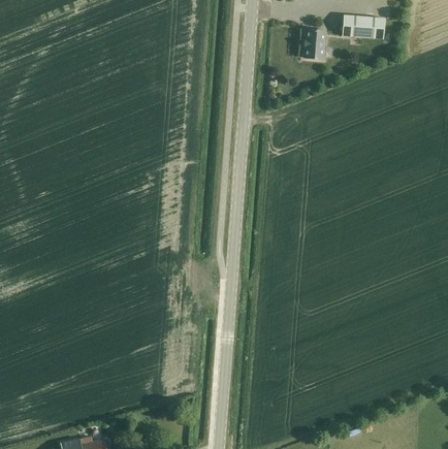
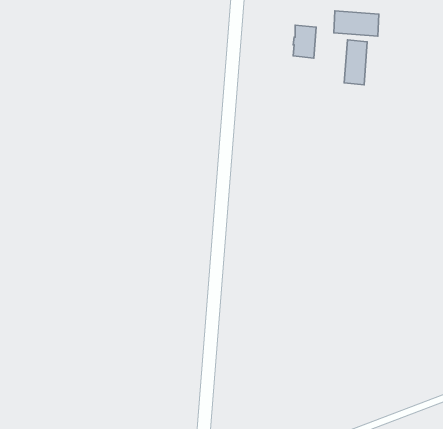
building: none -> [344,40,367,85]

